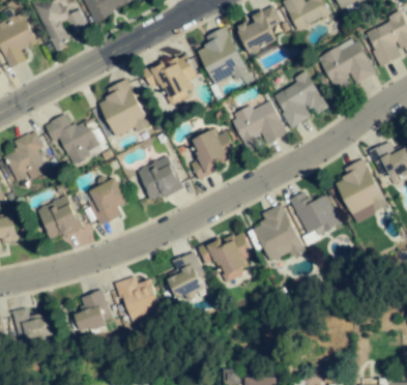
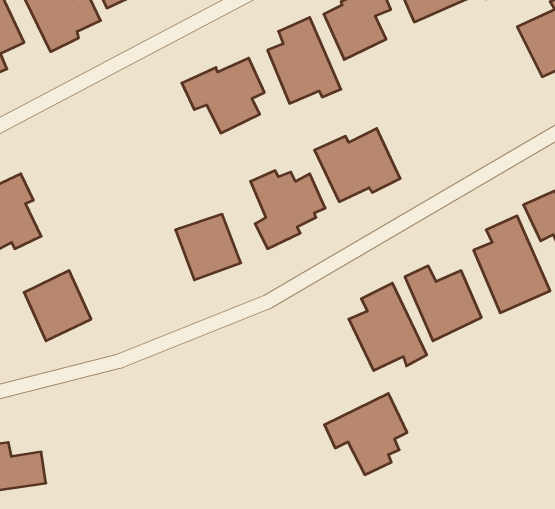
building: [318,36,376,93] -> none
building: [273,70,328,128] -> none
building: [98,79,150,138] -> none
building: [45,115,101,165] -> none
building: [88,177,127,226] -> none
building: [199,229,254,283] -> [324,393,407,475]
building: [165,253,203,299] -> none
building: [117,276,161,321] -> none
building: [76,291,111,329] -> none

